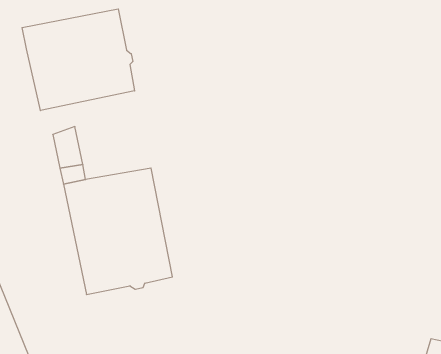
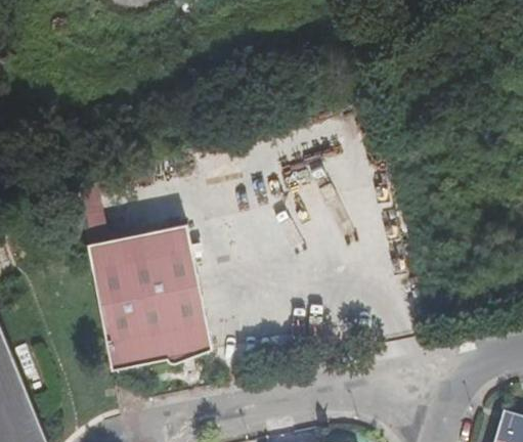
building: [22,9,135,111] -> none

